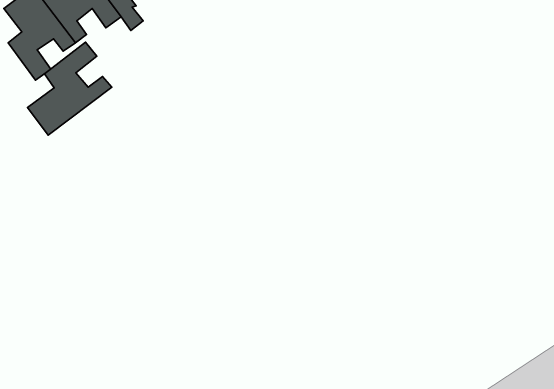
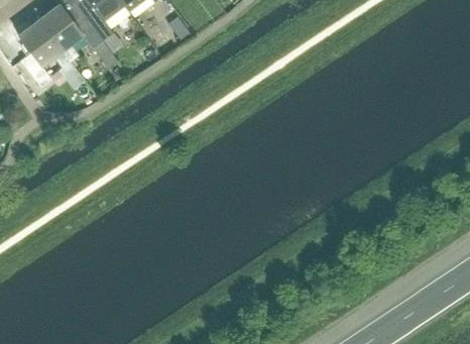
building: [28,42,112,135] -> none

